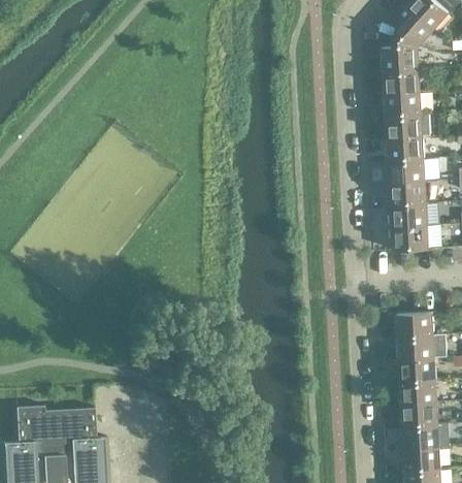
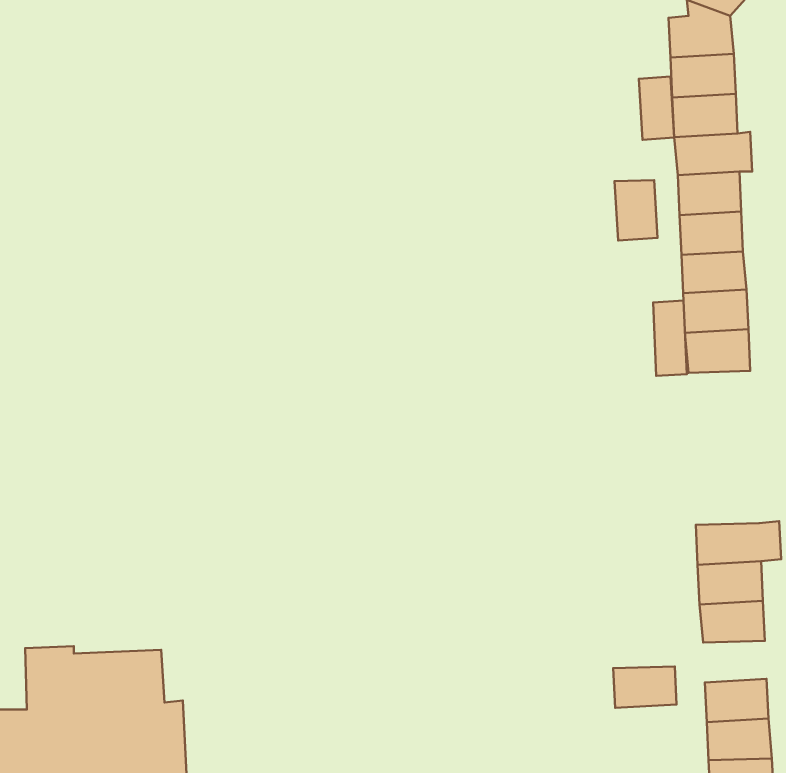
building: none -> [639,77,674,140]
building: none -> [615,180,657,241]
building: none -> [653,301,687,376]
building: [396,313,433,337] -> none
building: [401,404,437,427] -> [613,666,677,708]

